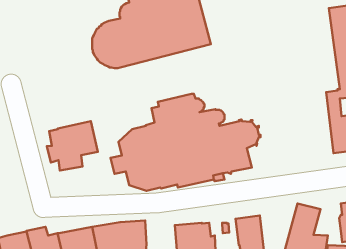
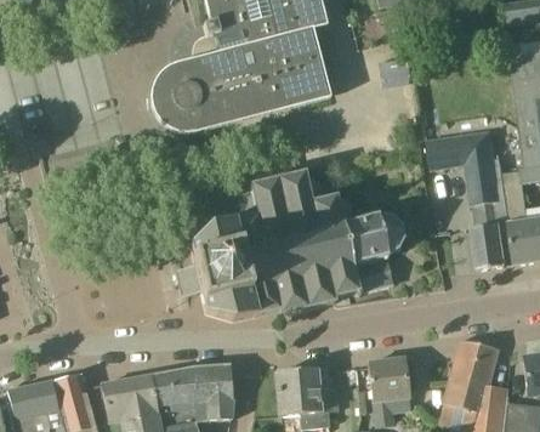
building: none -> [427,129,512,268]
building: [47,121,98,171] -> none

